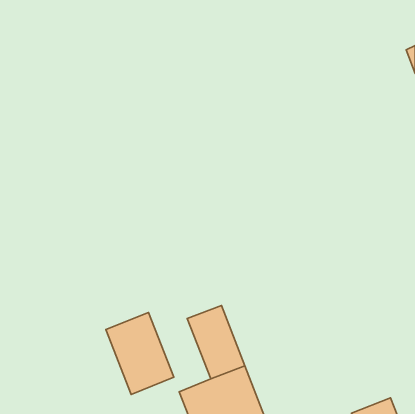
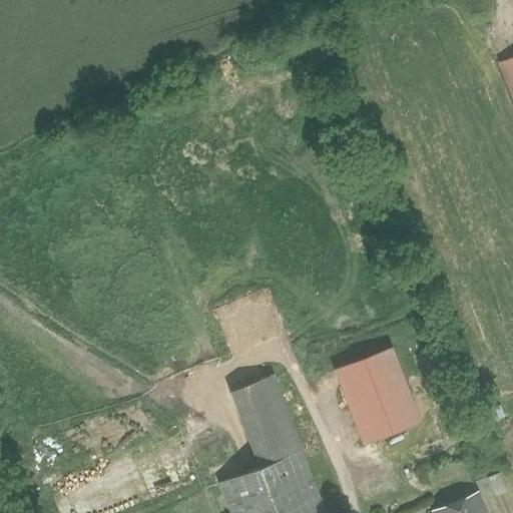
building: none -> [336,347,424,445]
building: [106,312,174,394] -> none

